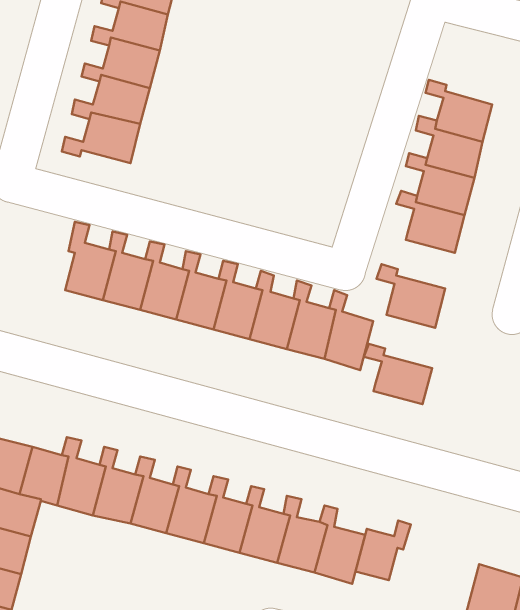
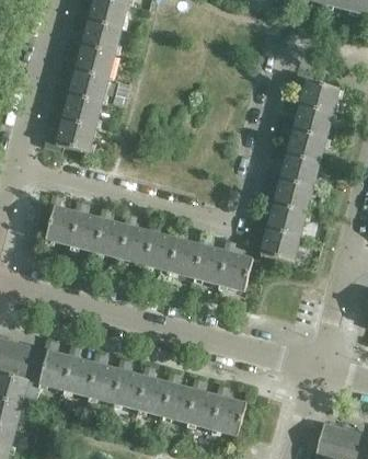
building: none -> [294,71,338,114]
building: [364,344,432,404] -> [261,197,307,238]
building: [356,521,411,580] -> none

